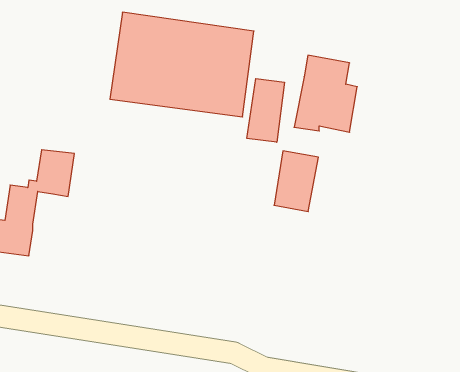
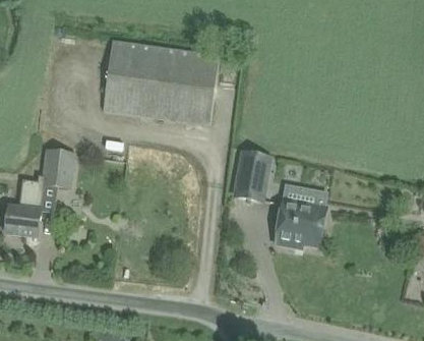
building: [294,55,357,132] -> [275,185,325,247]
building: [247,79,284,142] -> none

